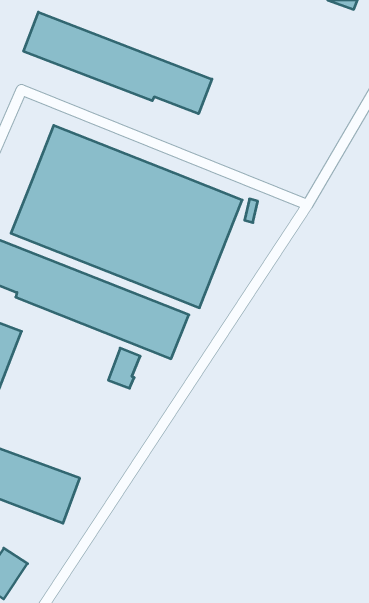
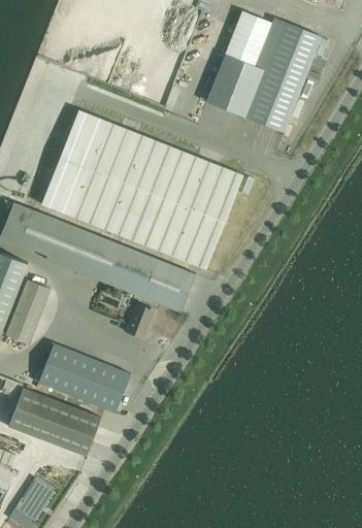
building: none -> [205,10,333,136]
building: [24,12,212,114] -> none
building: none -> [37,343,129,411]

